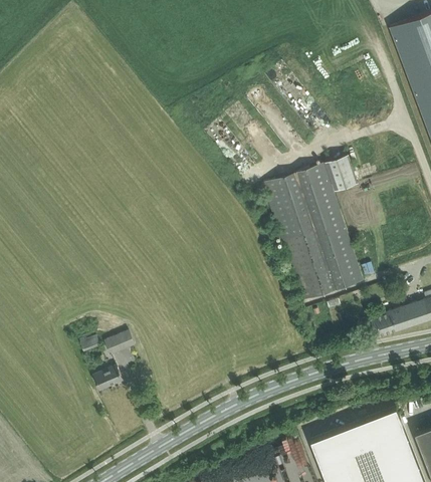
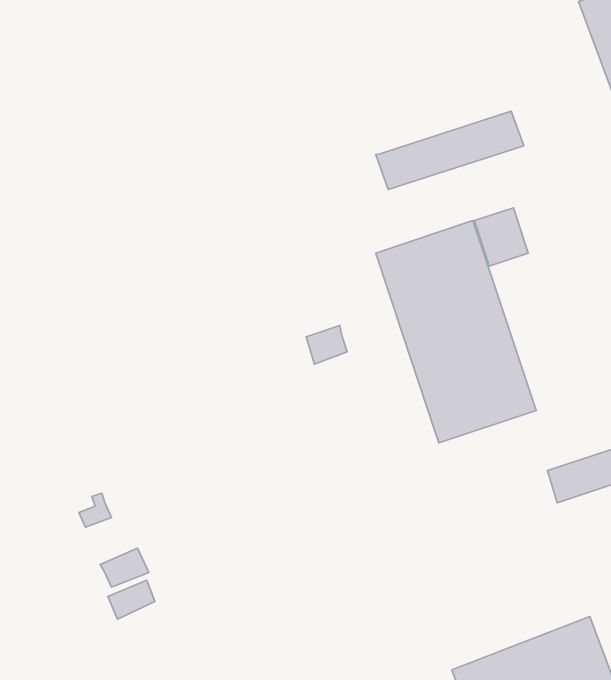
building: none -> [376,111,524,189]
building: none -> [306,326,347,364]
building: [104,332,134,356] -> [108,580,155,619]

